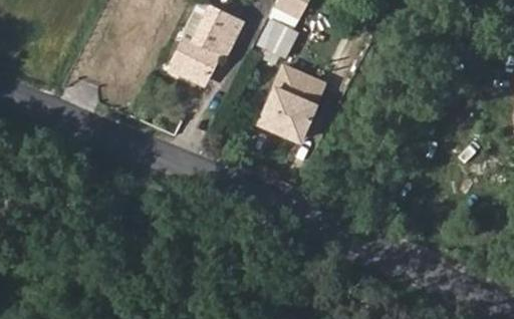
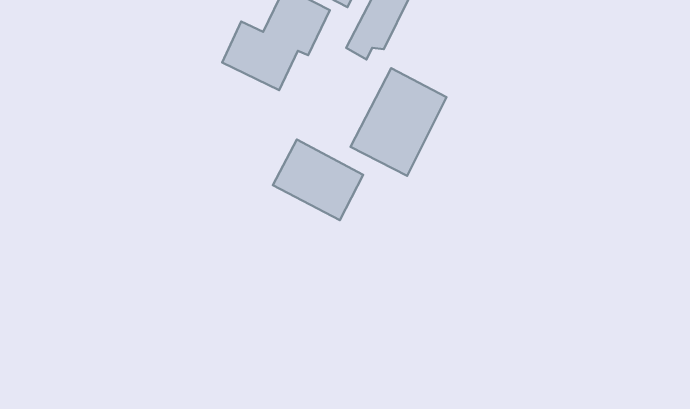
building: none -> [273,139,363,220]

